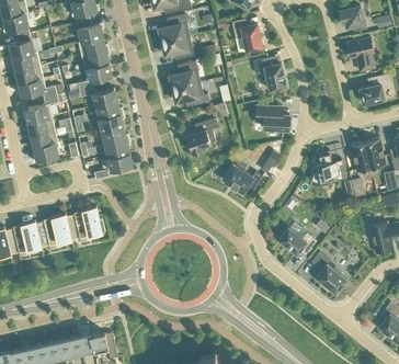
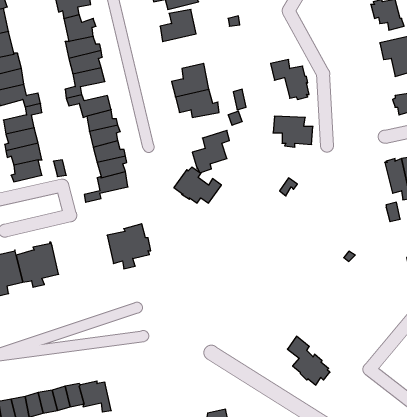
building: [231,19,263,52] -> none
building: [161,35,194,59] -> none
building: [310,150,346,183] -> none
building: [223,161,263,192] -> [174,167,221,203]
building: [67,206,104,244] -> [107,224,151,269]
building: [278,227,317,254] -> none
building: [311,251,347,293] -> [287,336,330,385]

